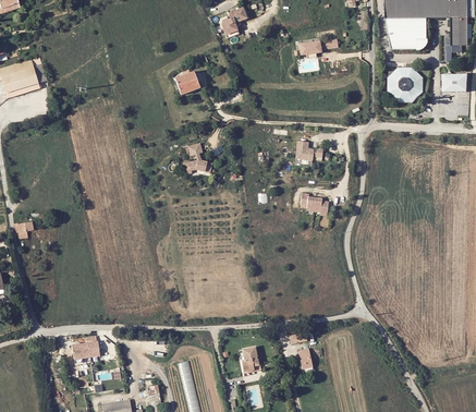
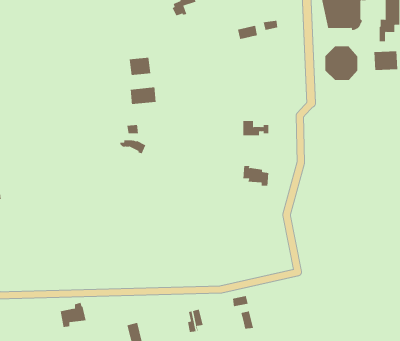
building: none -> [130,87,156,105]
building: [71,335,99,362] -> [60,302,86,328]

